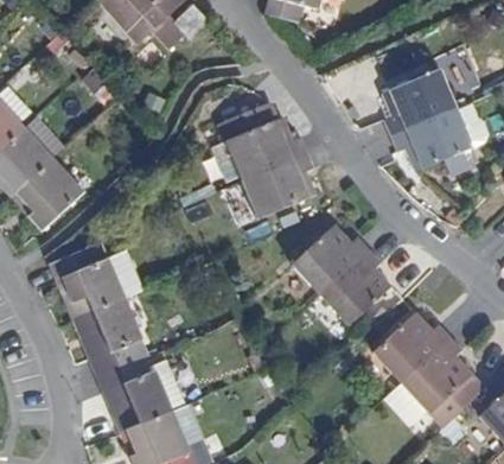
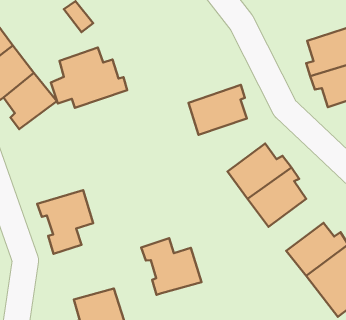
building: [211,103,305,179] -> [51,48,127,108]
building: [47,248,125,318] -> none
building: [95,363,172,433] -> [141,238,202,295]

